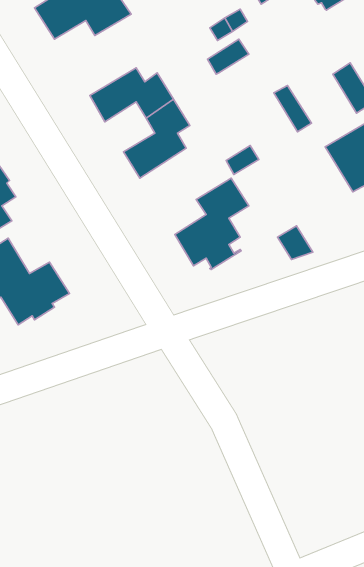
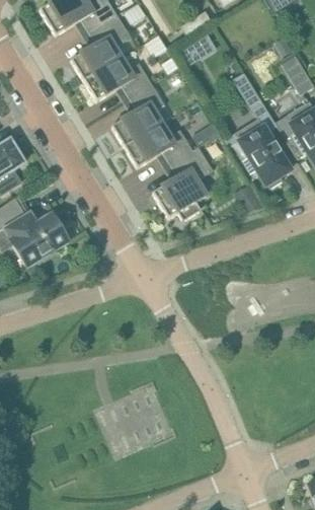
building: none -> [72,13,133,79]
building: none -> [228,117,291,187]
building: none -> [126,122,200,166]

